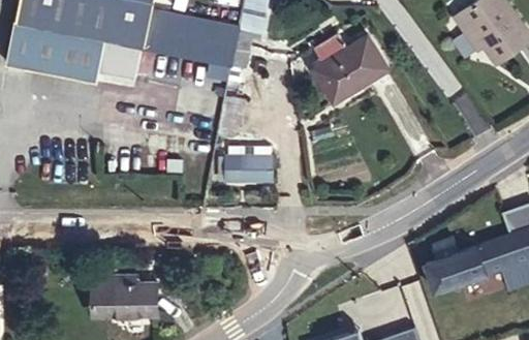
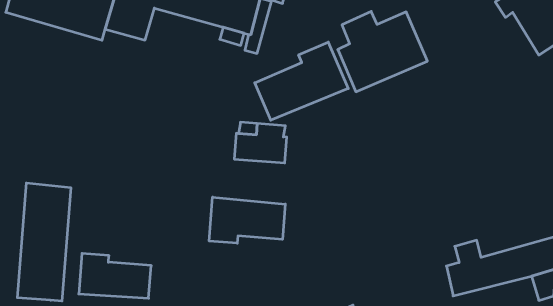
building: none -> [255,42,348,120]
building: none -> [209,197,285,243]
building: none -> [17,183,71,301]

